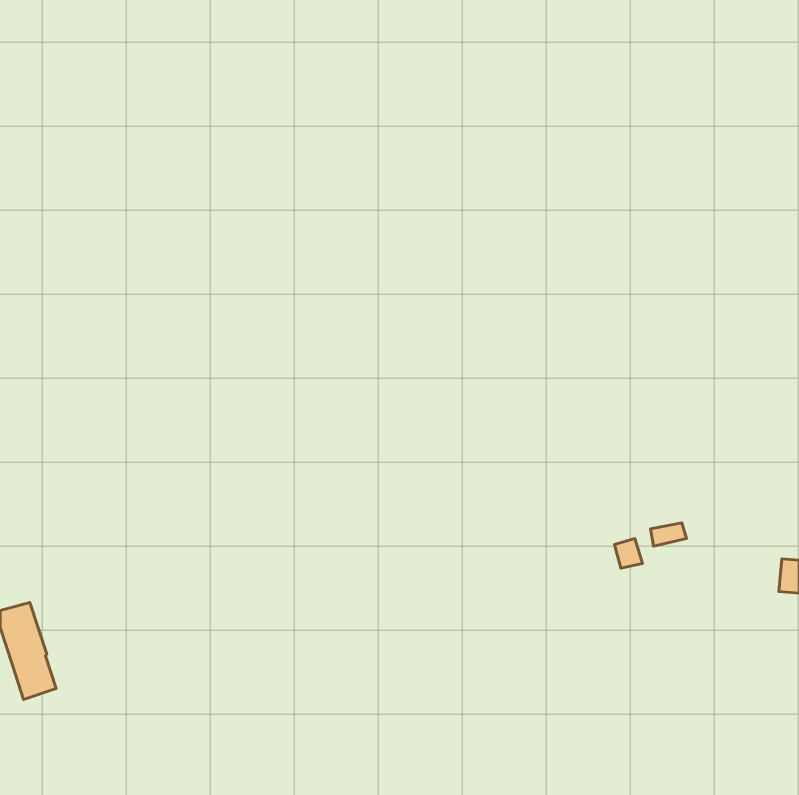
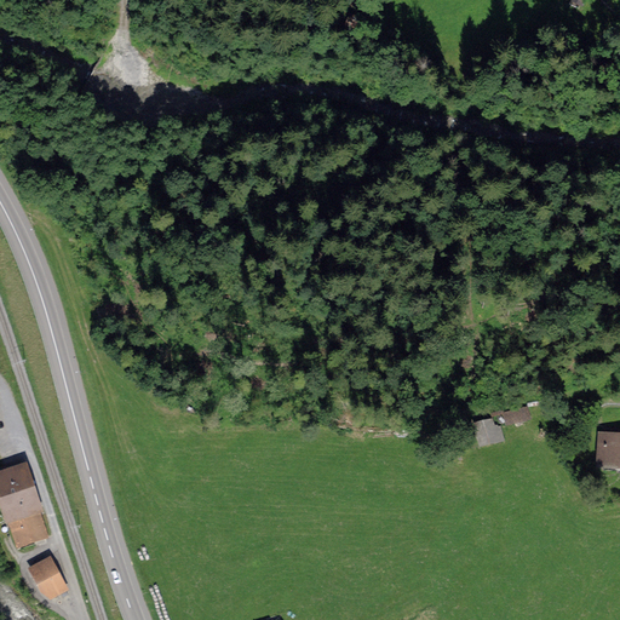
building: none -> [31,558,64,593]

